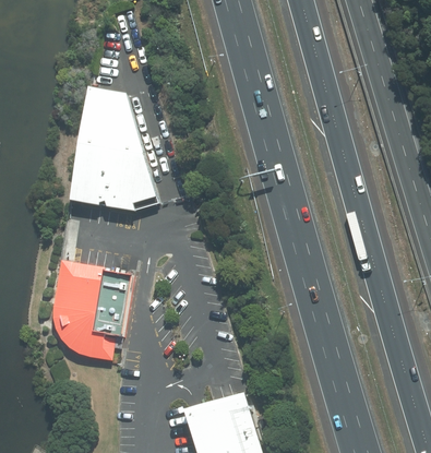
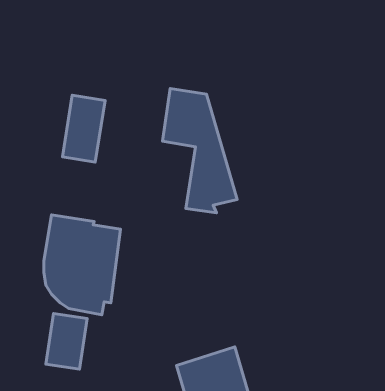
building: [81,88,155,212] -> [163,89,237,213]
building: none -> [46,313,87,369]

